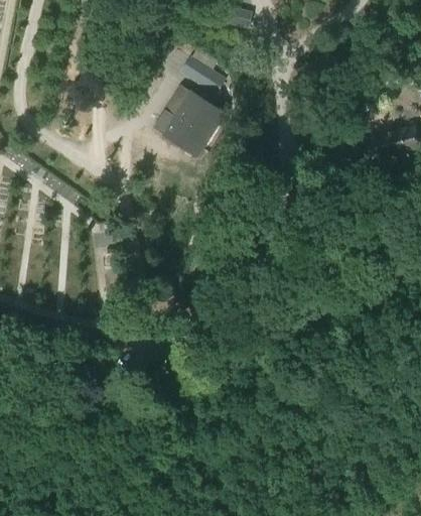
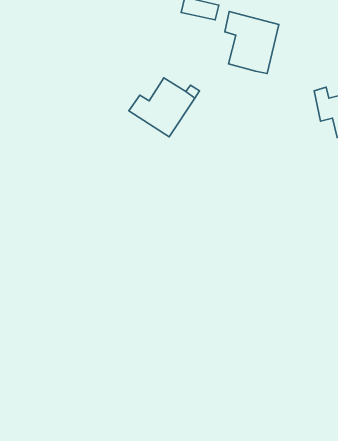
building: none -> [225,11,279,74]
building: [181,57,225,93] -> none

